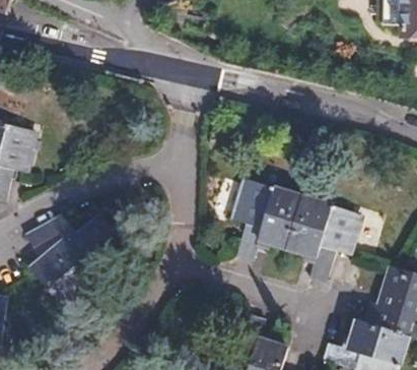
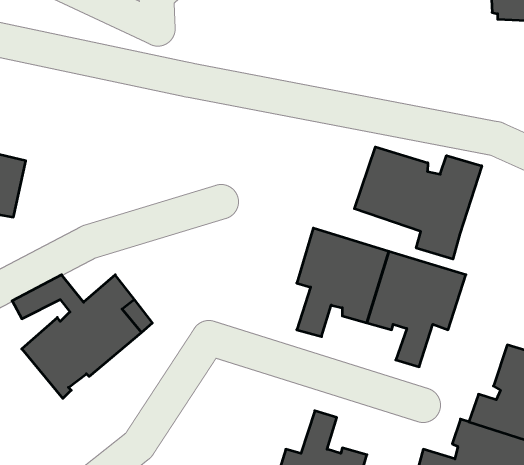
building: none -> [354,147,482,259]

